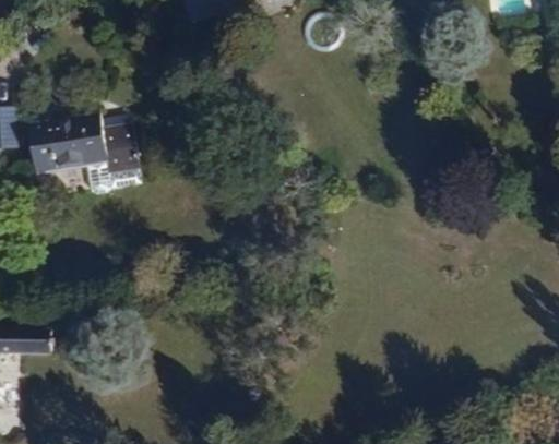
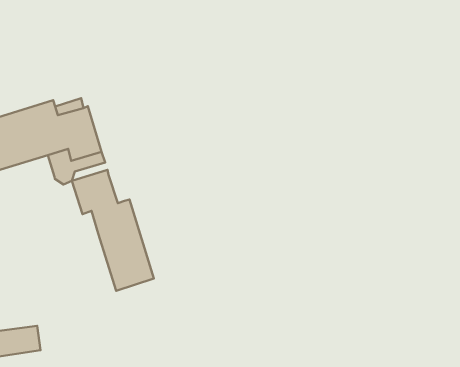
building: none -> [72,170,154,291]

